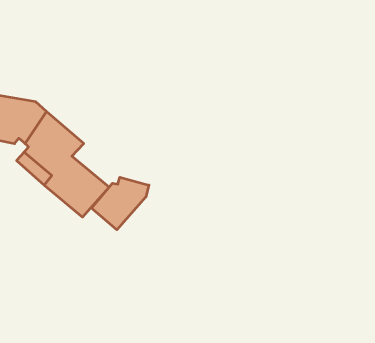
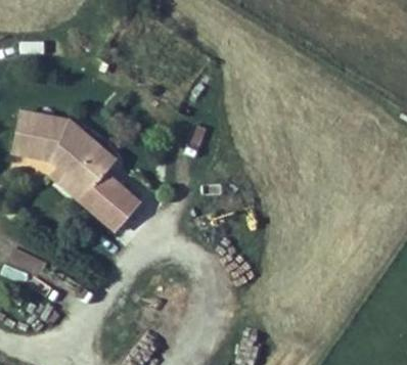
building: [92,177,149,230] -> none

